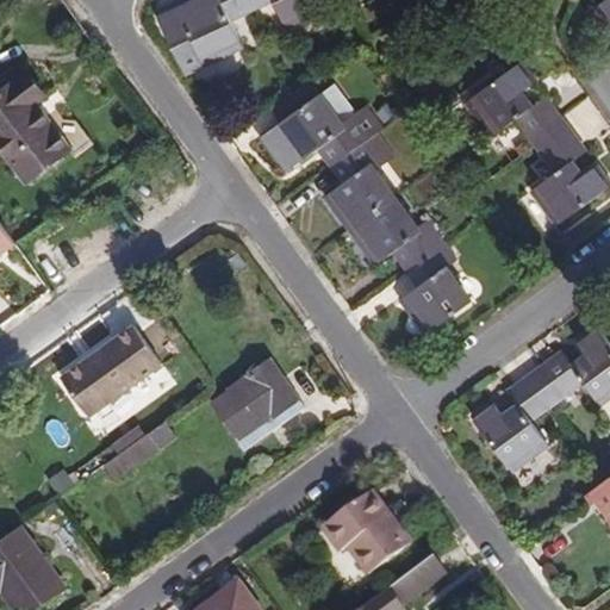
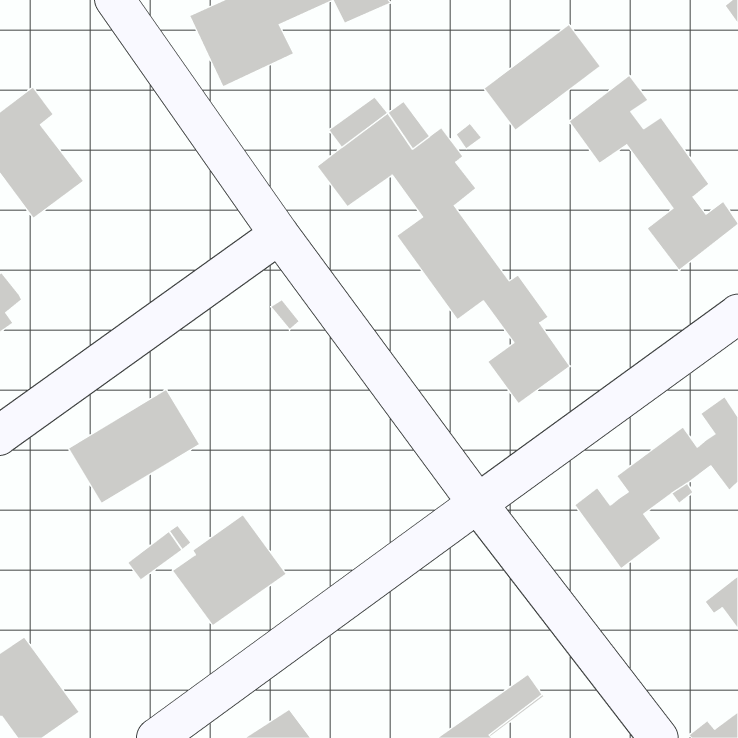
building: none -> [484,24,600,130]
building: [211,357,305,449] -> [172,514,286,626]
building: [323,491,410,574] -> none

